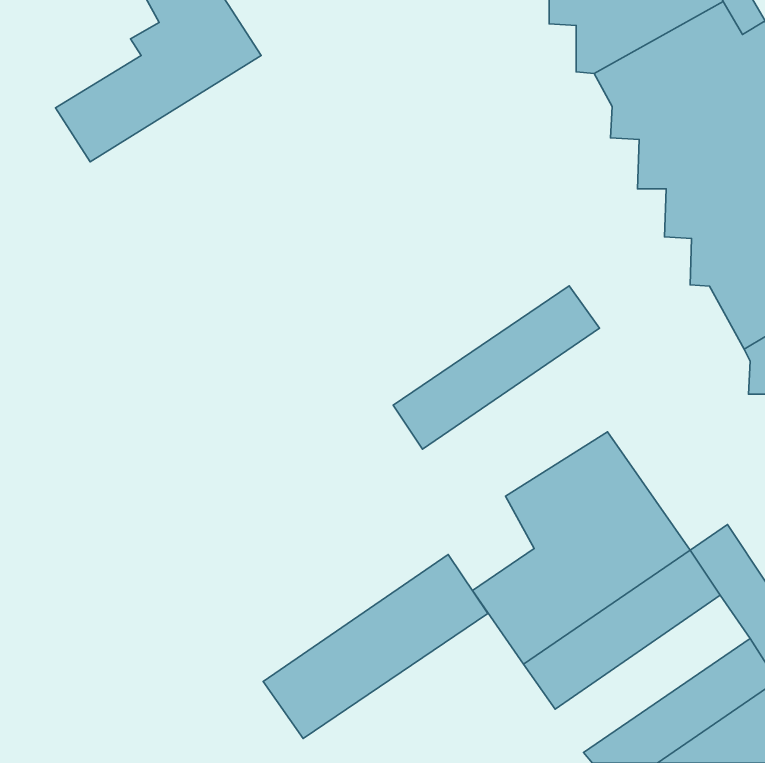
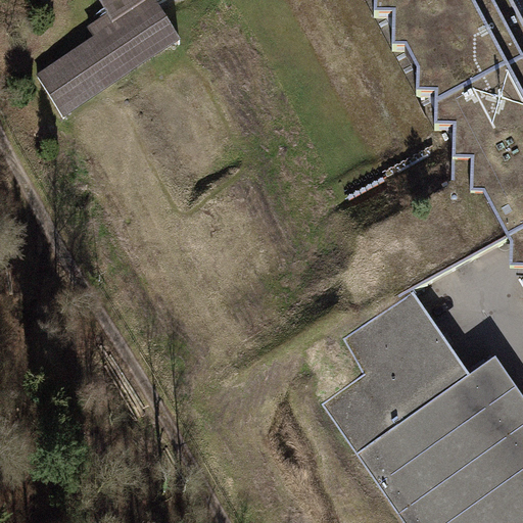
building: [393,286,599,449] -> none
building: [263,555,488,738] -> none
building: none -> [379,406,512,513]

